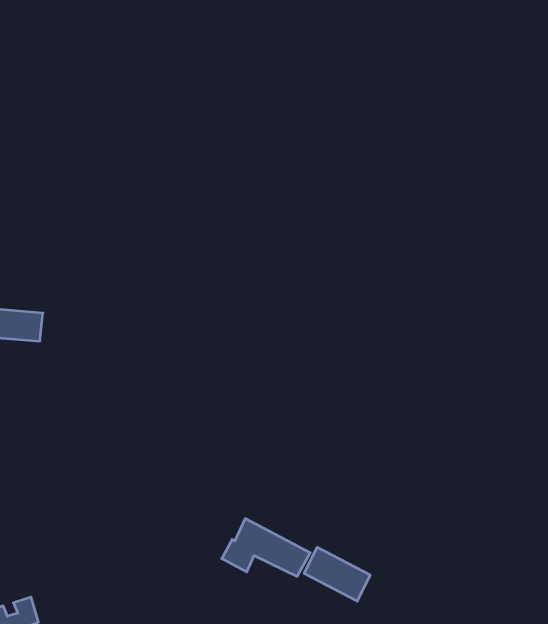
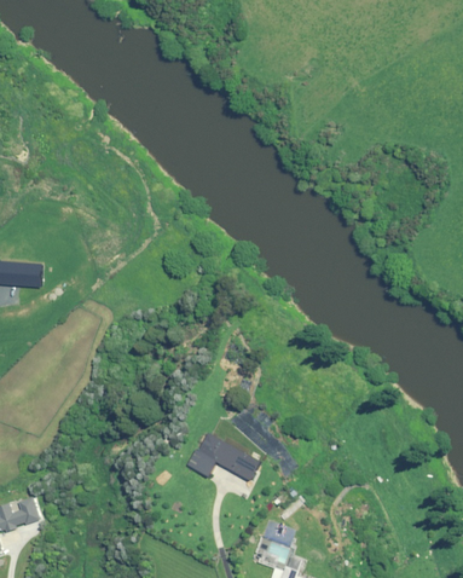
building: [304,547,370,601] -> none

